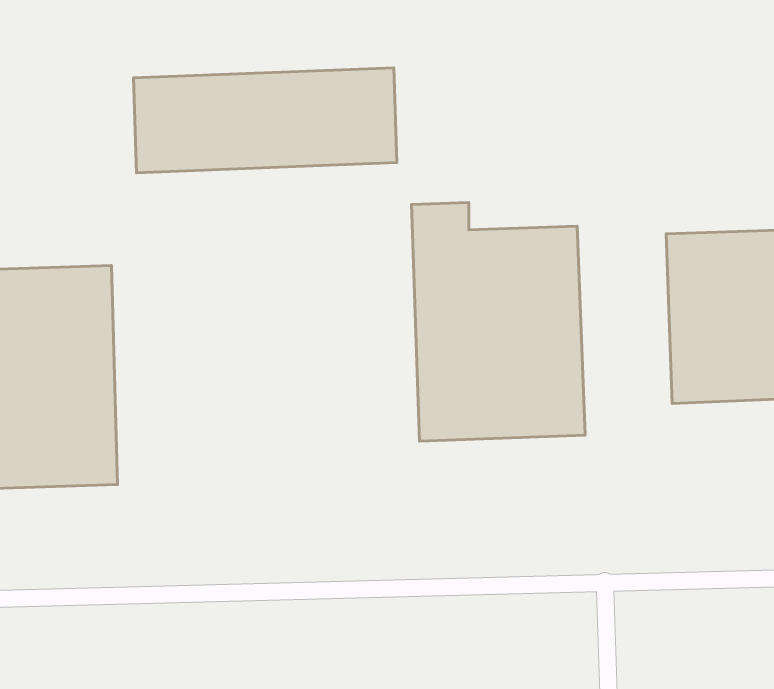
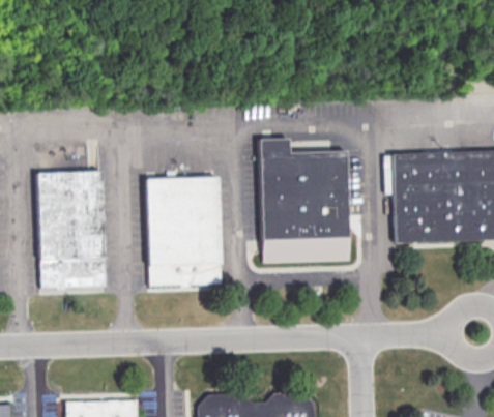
building: [133,68,397,173] -> none
building: none -> [145,177,221,286]

